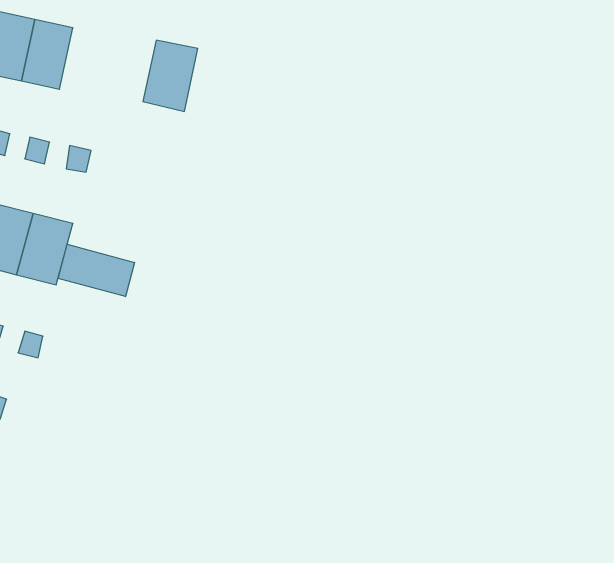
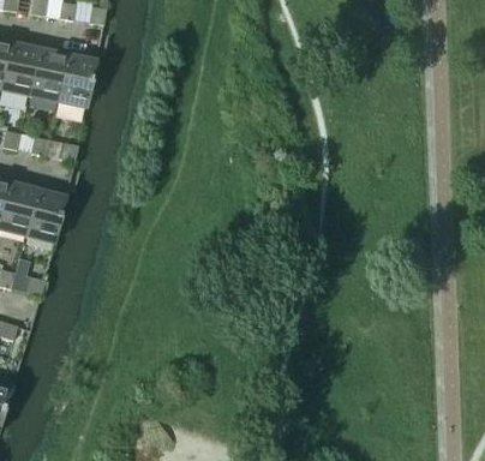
building: [143,40,198,111] -> [56,55,96,107]
building: [58,244,135,297] -> none

